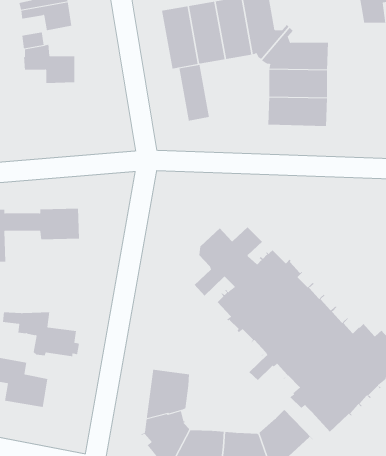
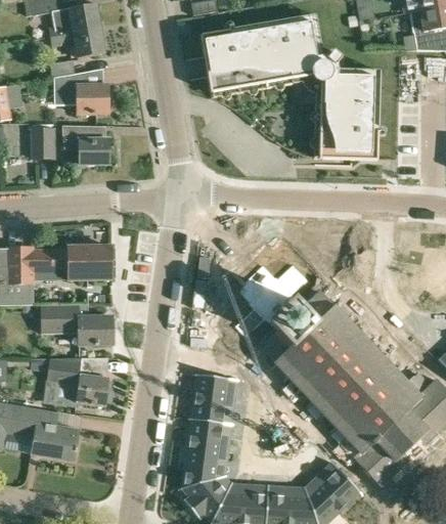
building: [179,64,209,121] -> none
building: none -> [62,124,109,164]
building: none -> [35,129,56,159]
building: none -> [42,304,113,345]
building: none -> [191,373,238,424]

